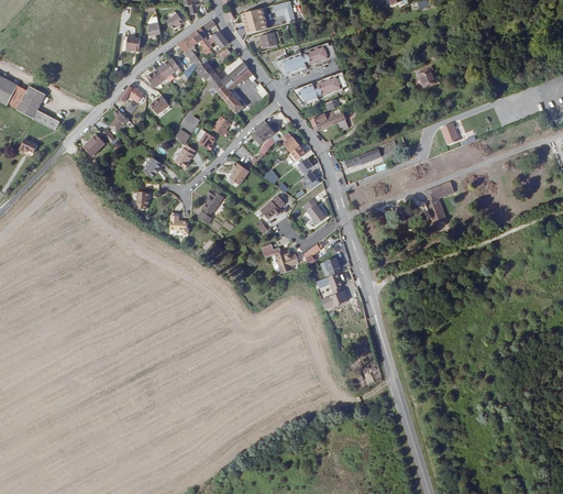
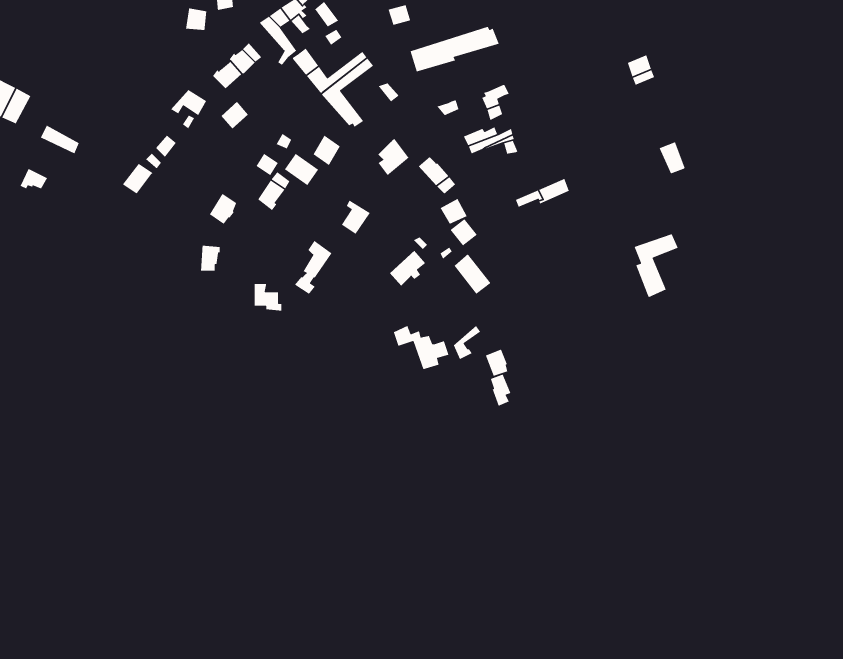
building: [16,87,44,119] -> none

